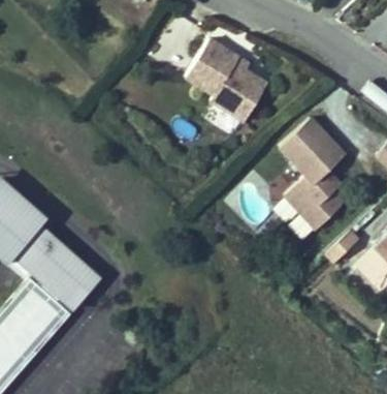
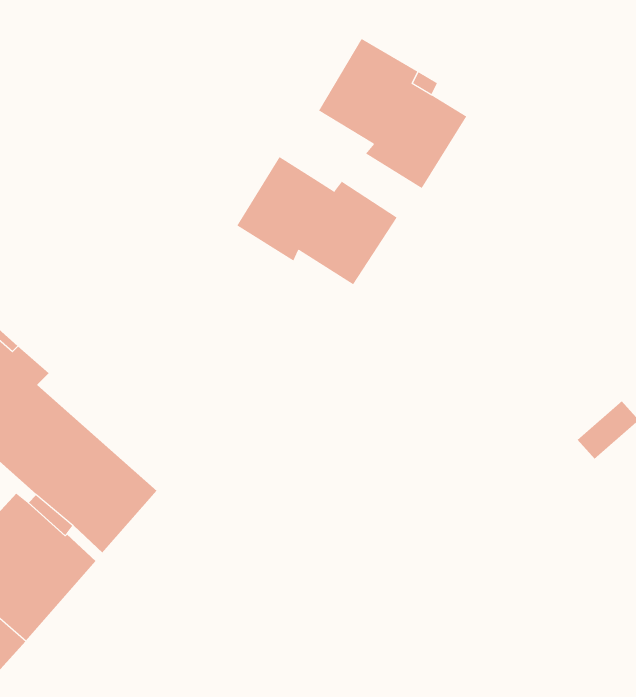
building: none -> [236,156,397,285]
building: [281,117,346,229] -> none

